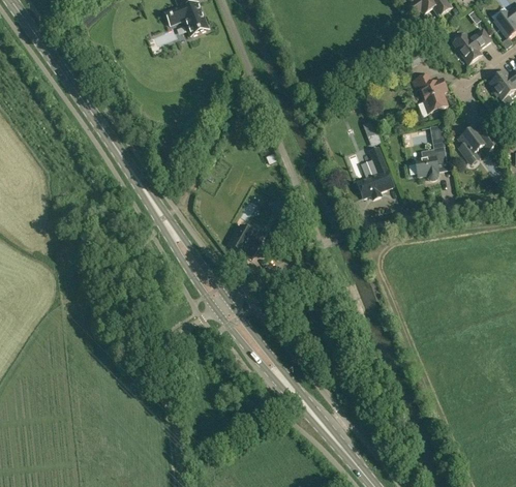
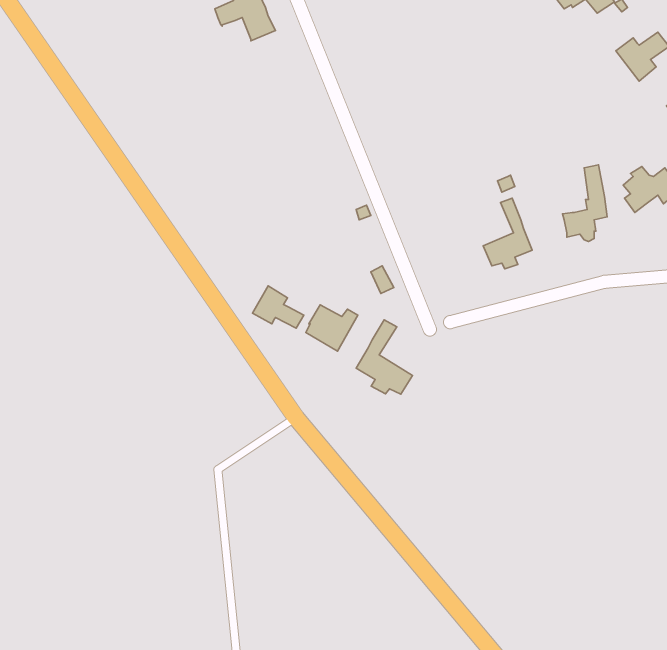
building: [412,73,447,112] -> none
building: none -> [253,286,304,328]
building: none -> [356,320,413,394]

